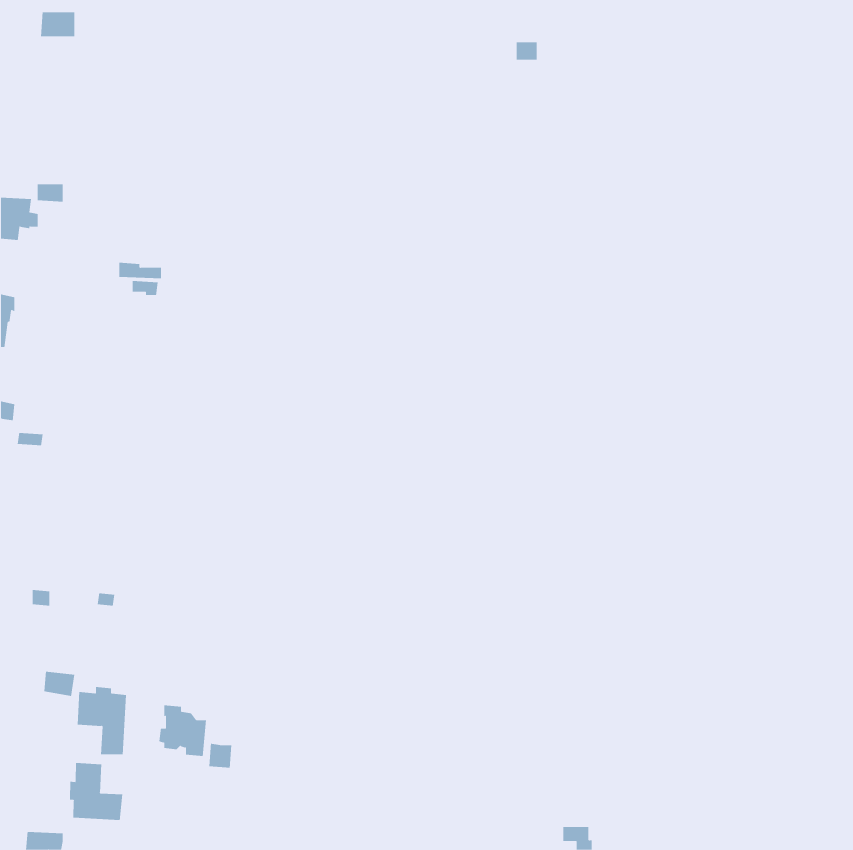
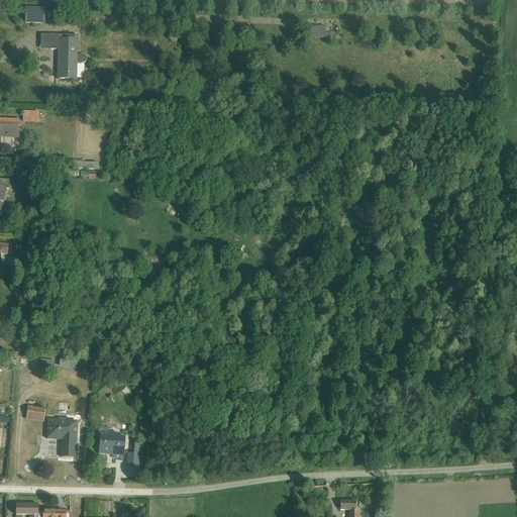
building: none -> [40,33,87,79]
building: [69,762,123,821] -> none

